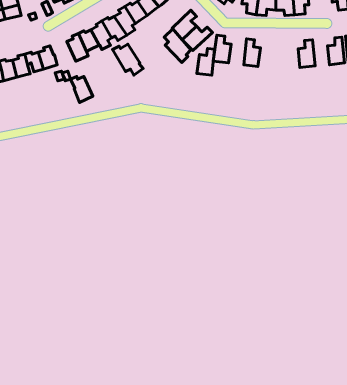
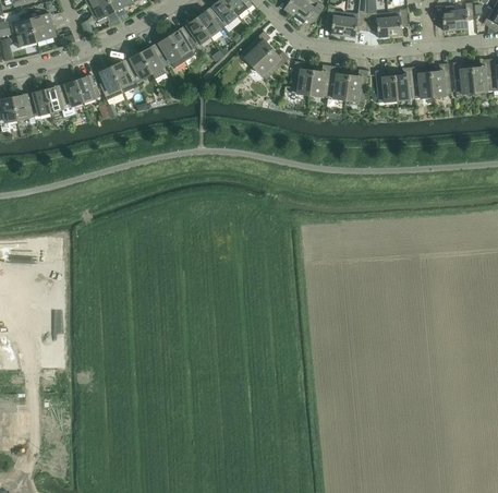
building: [164,29,191,62] -> none
building: none -> [411,65,432,98]
building: none -> [344,69,367,103]
building: none -> [374,70,396,103]
building: [113,44,143,75] -> none
building: [197,48,215,75] -> [308,64,330,97]
building: [70,76,93,102] -> [95,69,122,100]

